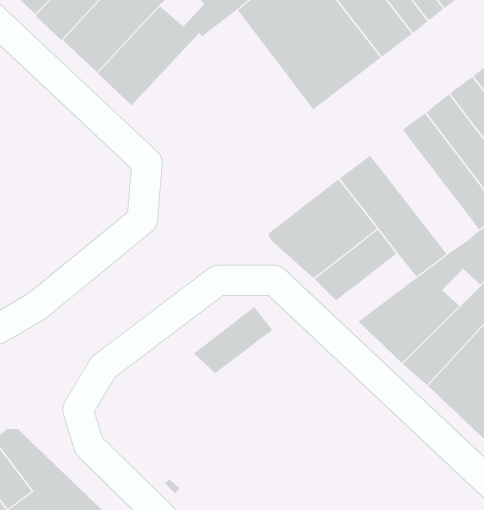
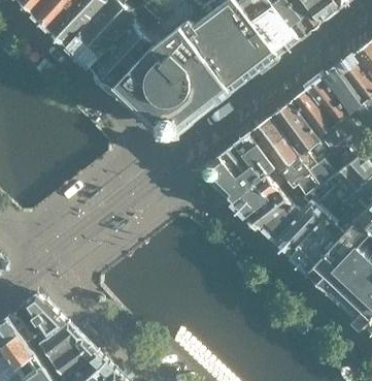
building: none -> [114,24,233,132]
building: none -> [271,102,339,184]
building: [193,306,273,374] -> [248,184,301,228]

